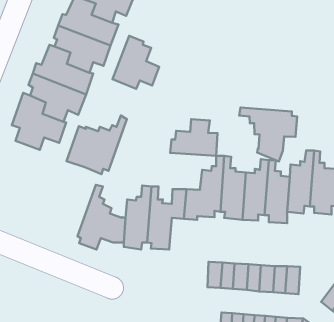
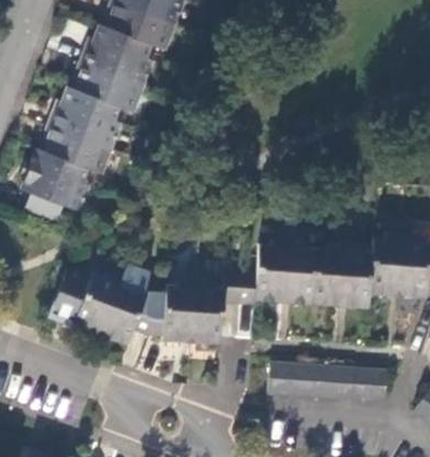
building: [112,36,159,89] -> none
building: [239,108,297,161] -> none
building: [67,116,127,174] -> [50,259,126,333]
building: [170,119,218,156] -> none

